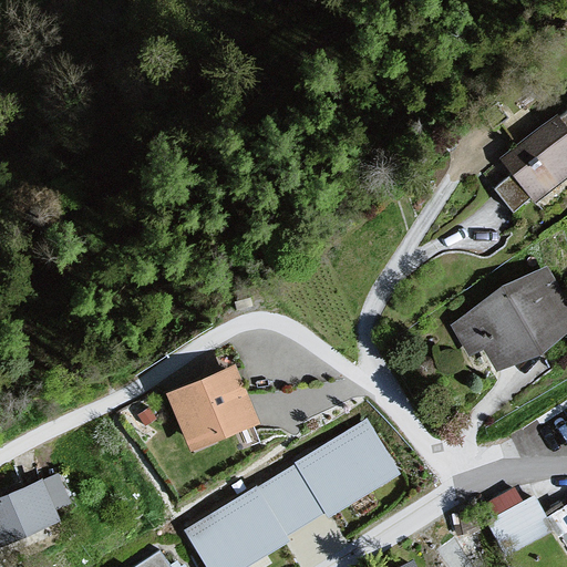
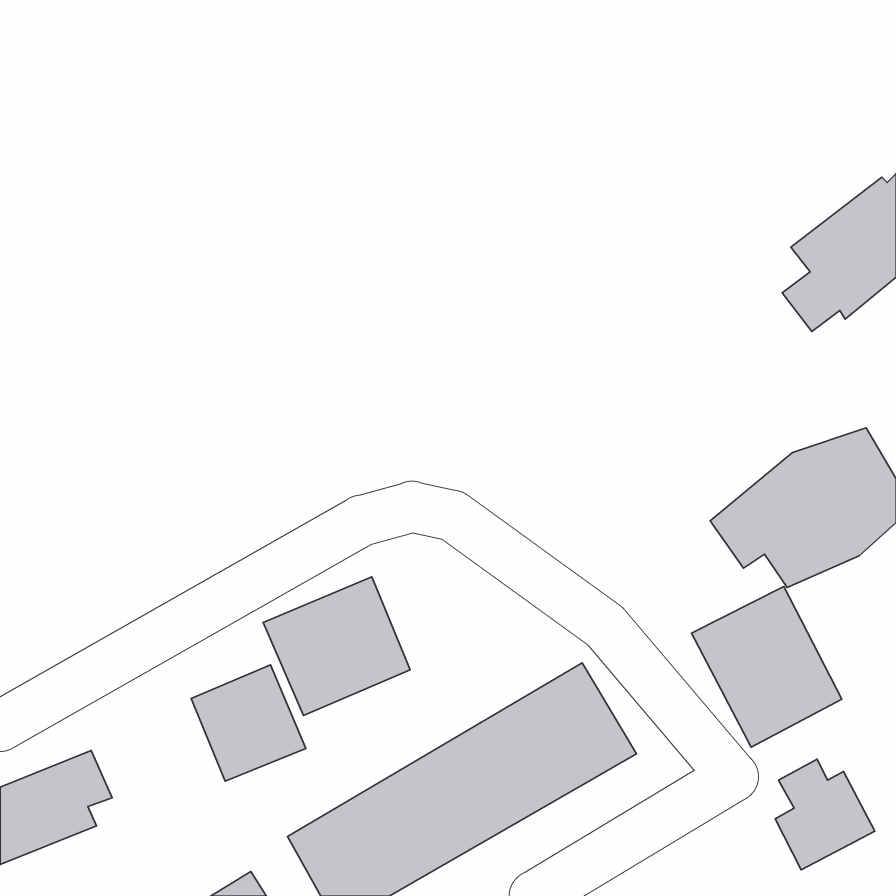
building: none -> [692,587,842,747]
building: none -> [191,665,306,781]

